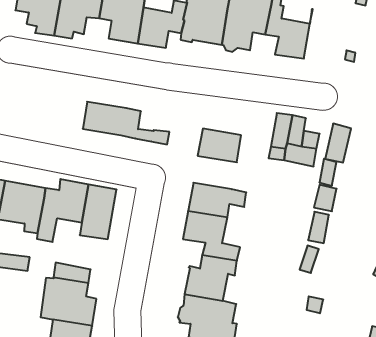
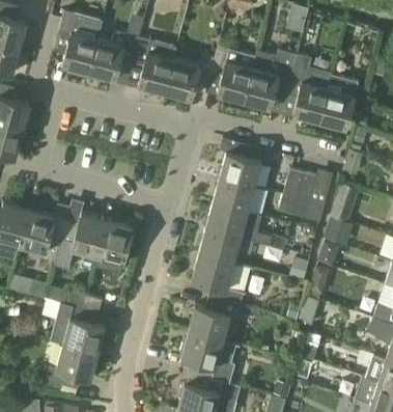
building: none -> [319,75,358,128]
building: none -> [219,152,261,187]
building: [83,102,169,144] -> [205,202,286,249]

